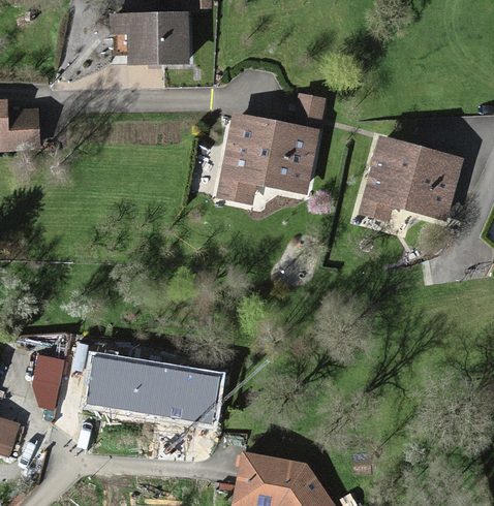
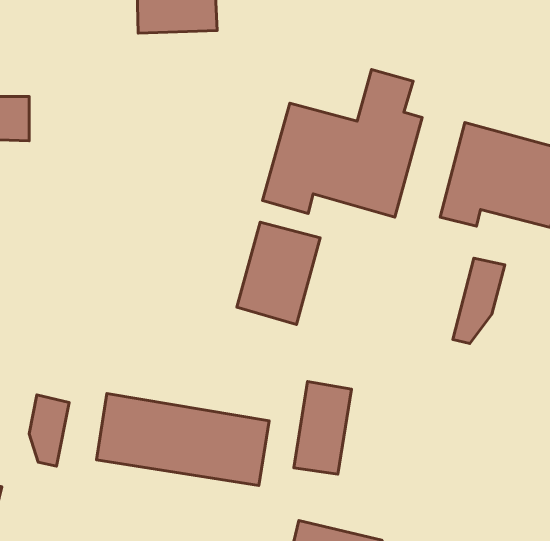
building: none -> [237,222,320,324]
building: none -> [453,258,505,344]
building: none -> [294,381,351,474]

